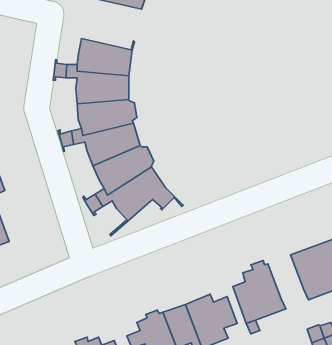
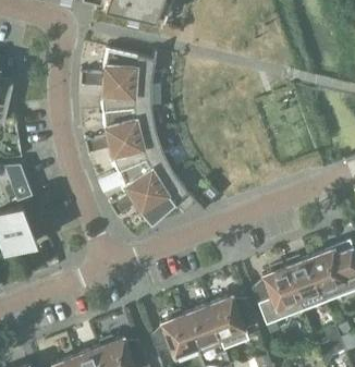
building: none -> [286,256,321,299]

